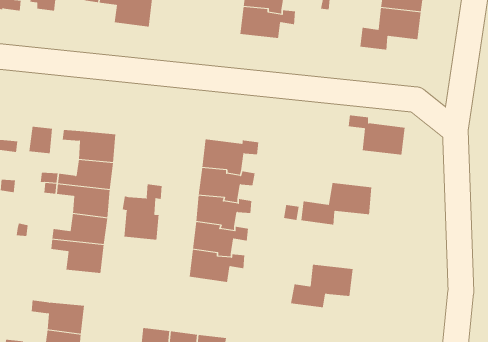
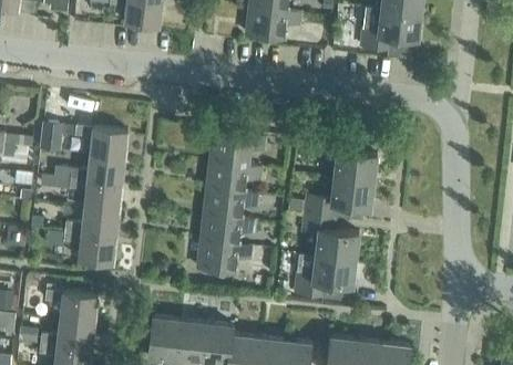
building: [348,115,406,155] -> [320,143,376,181]
building: [122,183,162,240] -> none
building: none -> [301,213,358,260]

